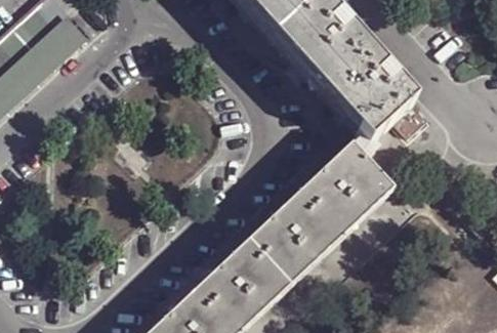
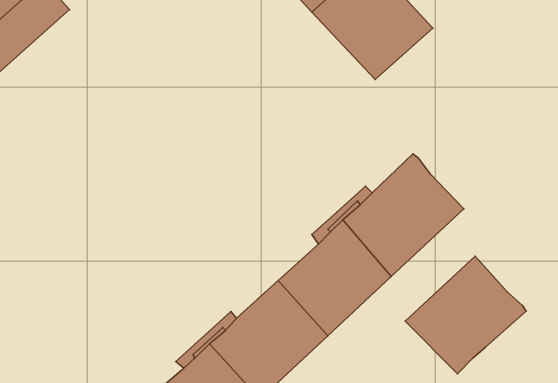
building: [323,51,415,147] -> none
building: none -> [405,256,526,374]

